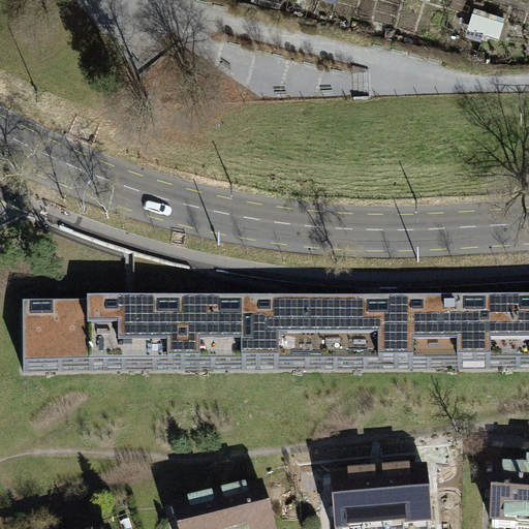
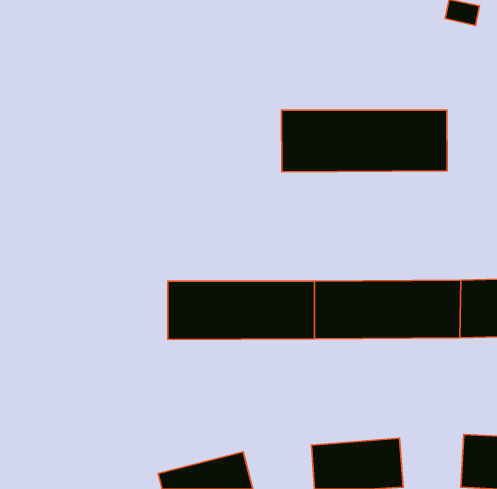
building: none -> [281,110,447,172]
building: [26,298,180,361] -> none

